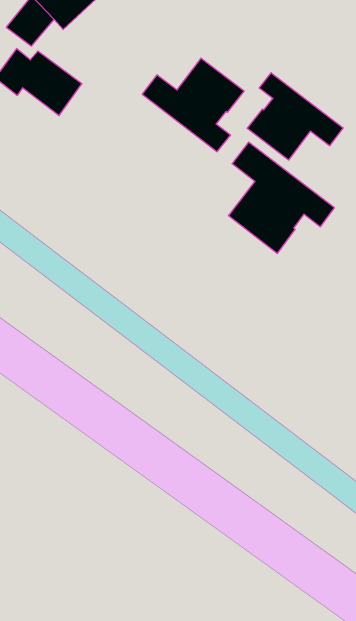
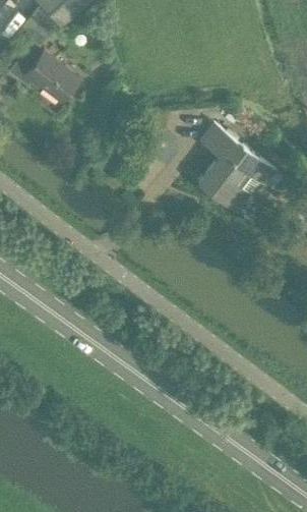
building: [142,58,244,152] -> none
building: [247,73,343,160] -> none

